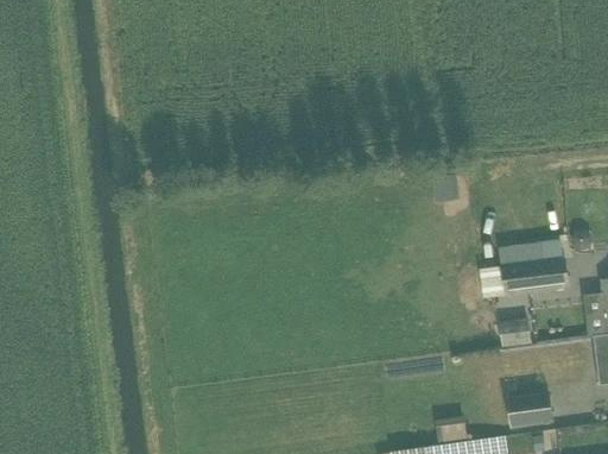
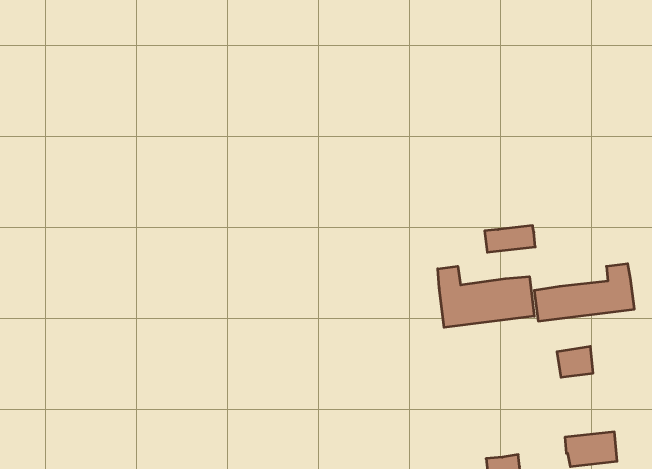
building: [500,242,545,266] -> [485,226,535,252]
building: none -> [438,266,534,327]

